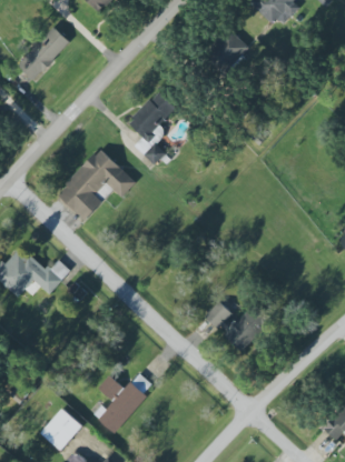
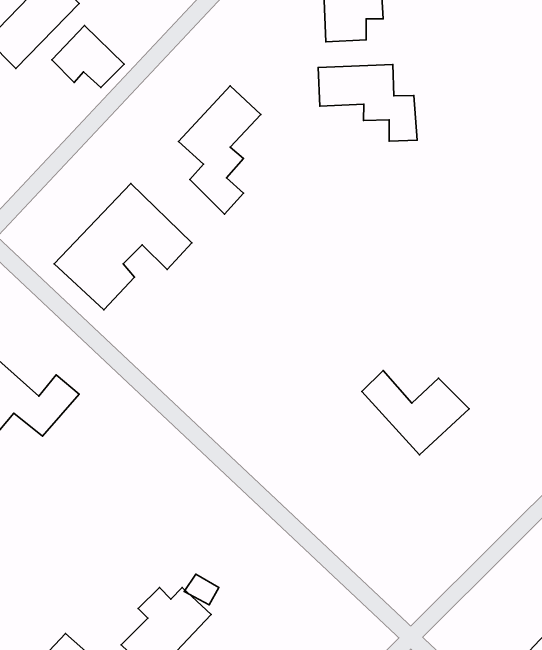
building: none -> [52,25,124,88]
building: none -> [318,65,417,141]
building: [206,302,268,351] -> [362,371,469,455]

